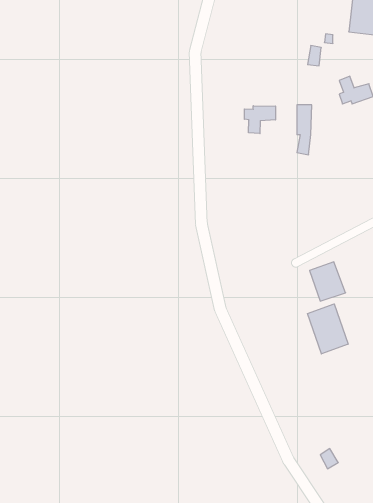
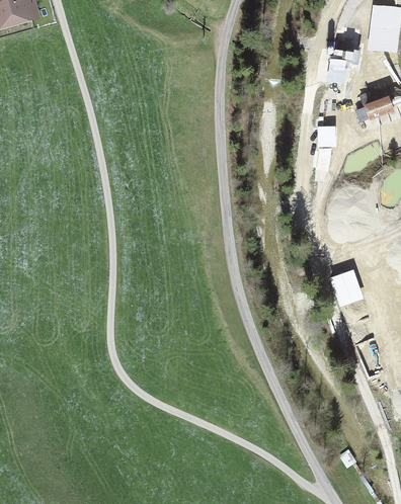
building: [244,106,275,134] -> none
building: [307,304,348,354] -> none

